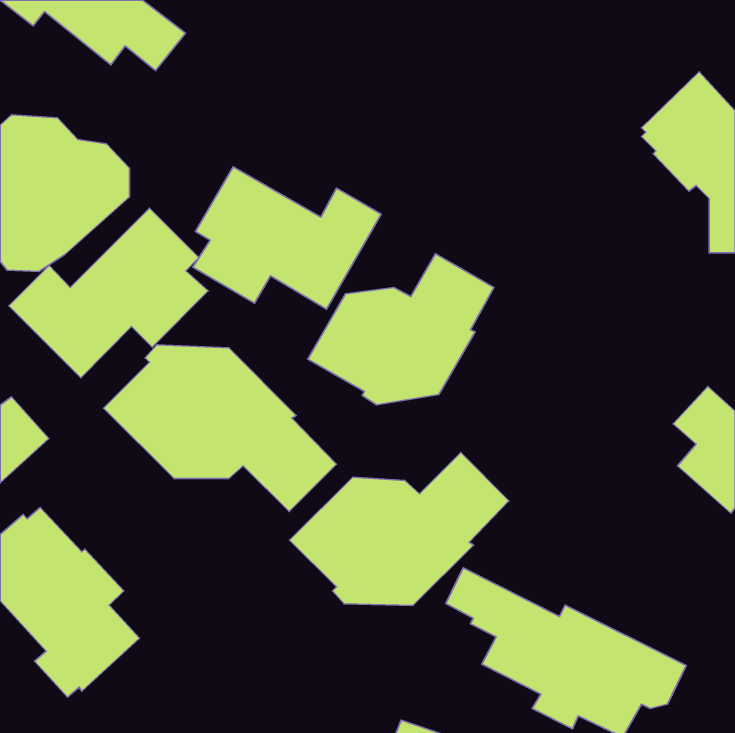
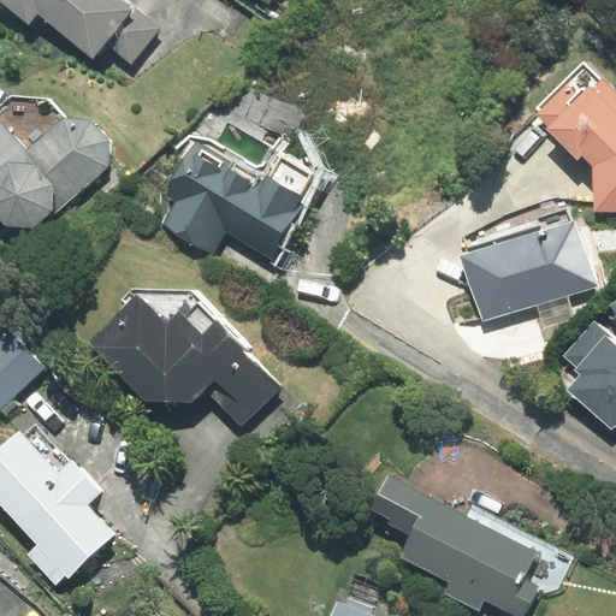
building: [9,208,208,378] -> none
building: none -> [463,209,593,321]
building: [308,254,494,405] -> none
building: [290,453,509,605] -> none

